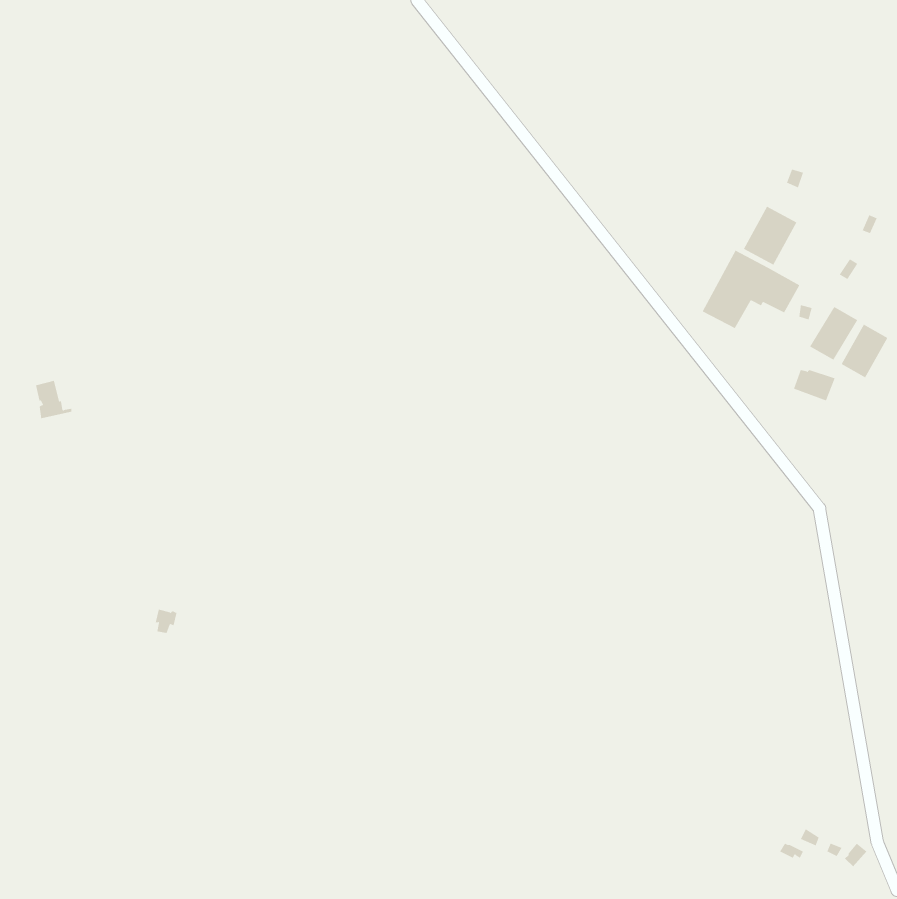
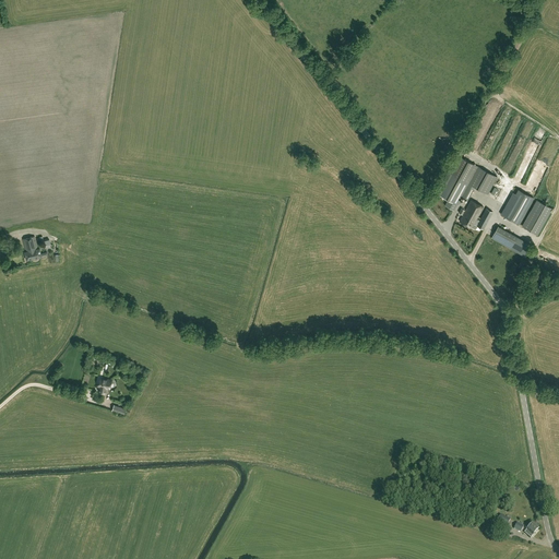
building: [743,206,797,266] -> none
building: none -> [459,200,491,229]

